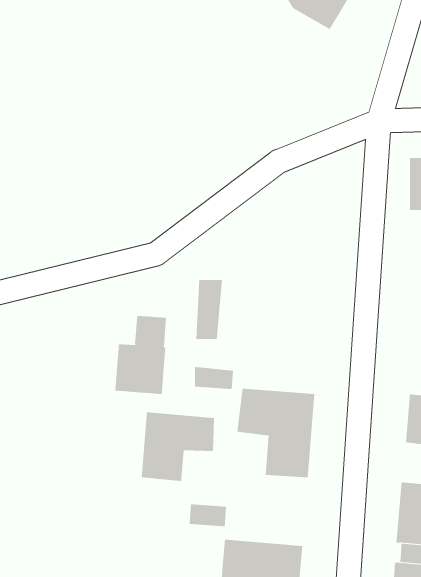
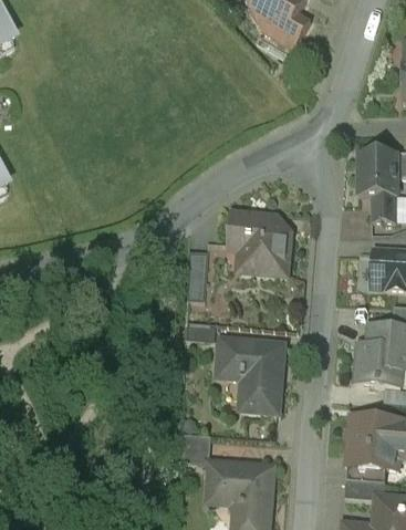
building: none -> [228,214,288,272]
building: [115,315,166,395] -> none
building: [141,412,215,482] -> none

